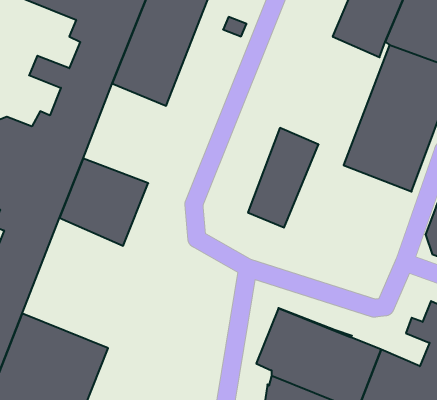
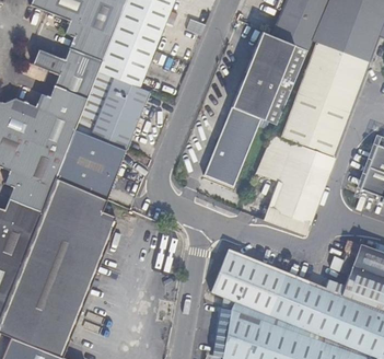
building: none -> [230,32,307,126]
building: none -> [74,71,149,150]
building: none -> [263,138,334,236]
building: none -> [26,177,117,280]

